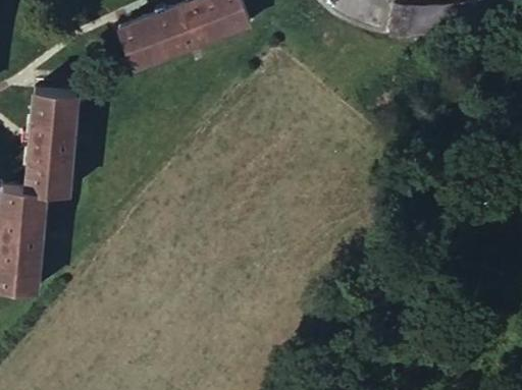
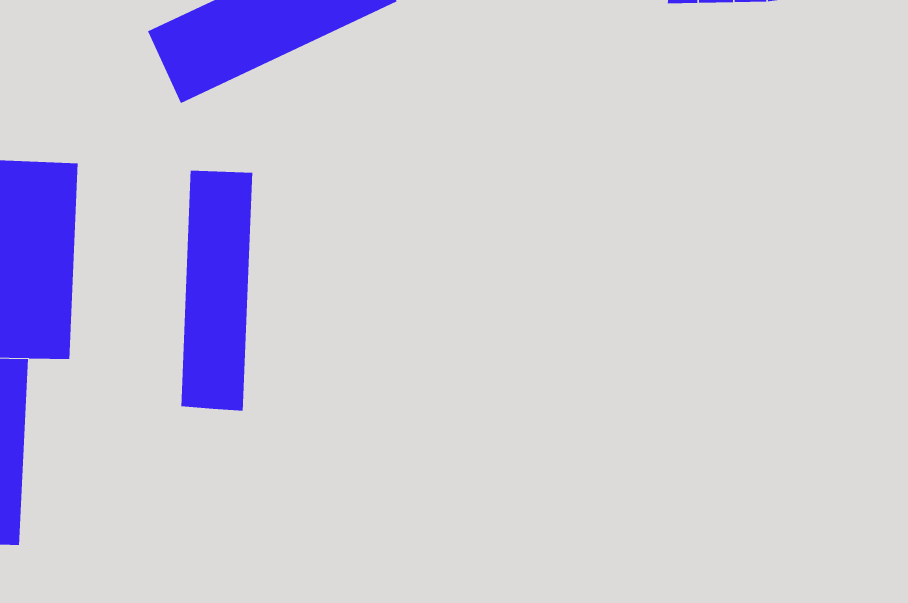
building: none -> [181,170,253,412]

